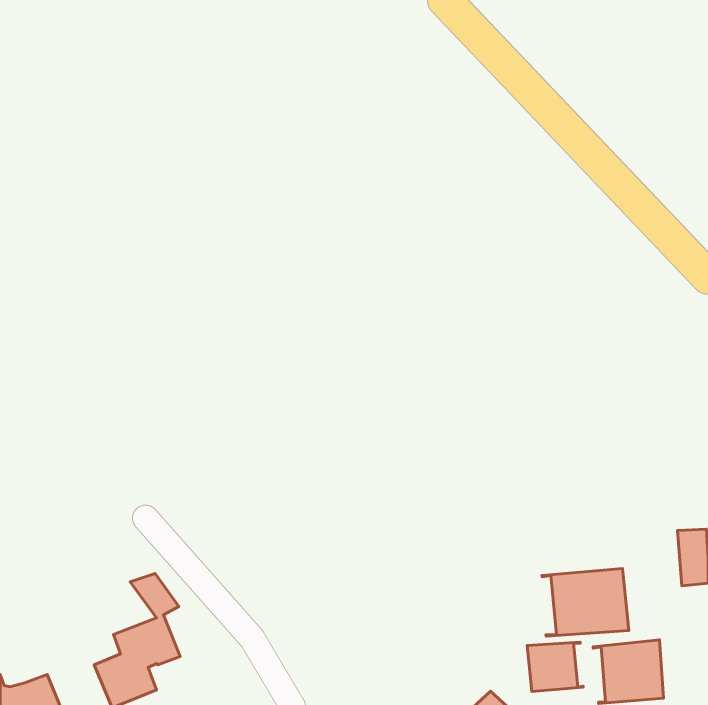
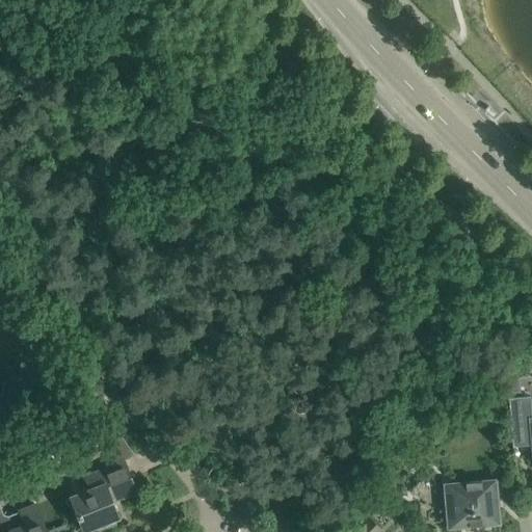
building: [542,569,629,636] -> none
building: [527,642,583,692] -> none

